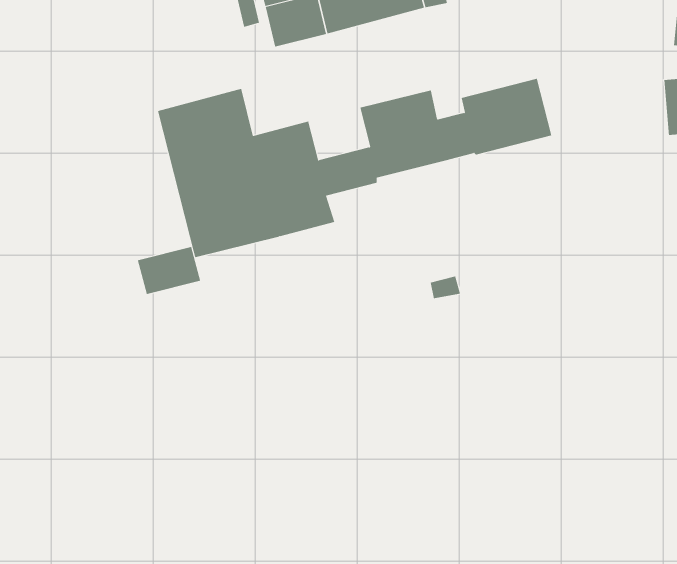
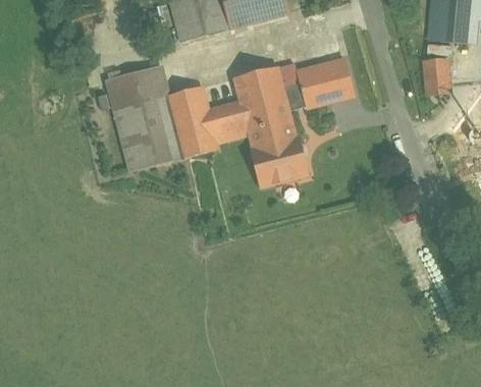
building: none -> [245,110,307,186]
building: [137,246,201,295] -> none

